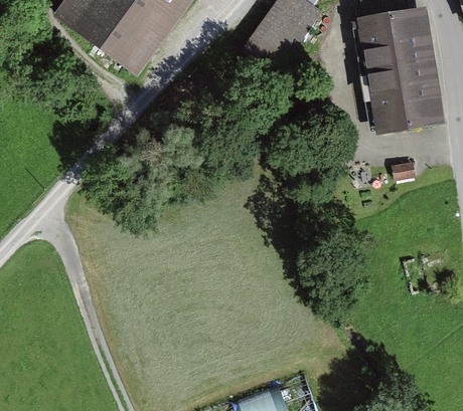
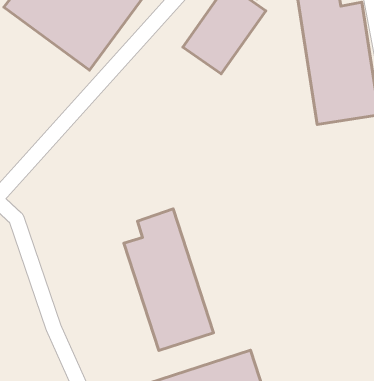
building: none -> [124,209,213,350]

